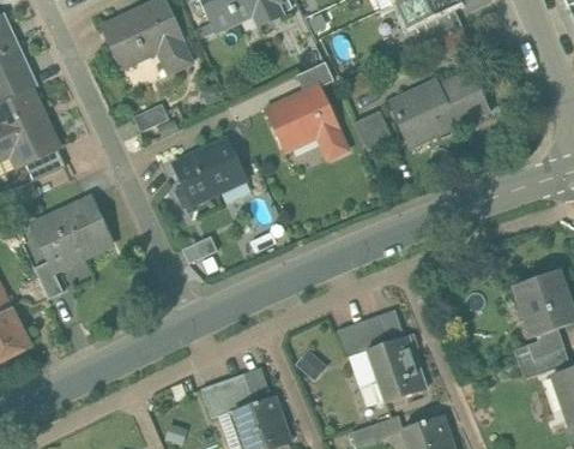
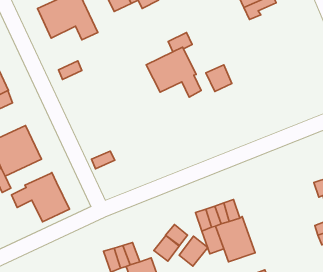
building: [389,71,487,138] -> none
building: [173,139,247,204] -> none
building: none -> [12,173,69,222]
building: none -> [154,235,179,261]
building: none -> [179,236,208,266]

